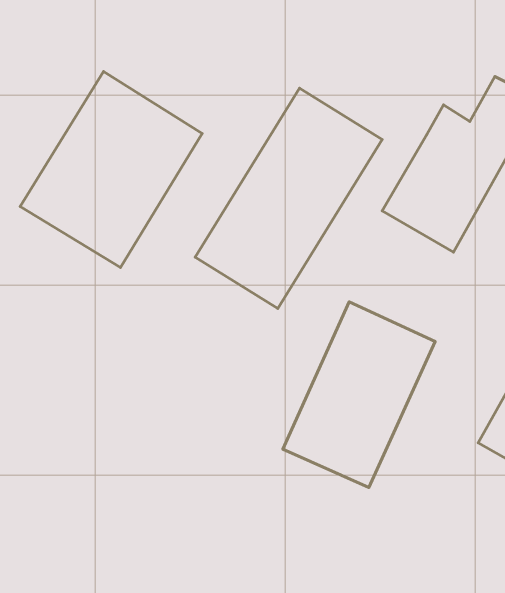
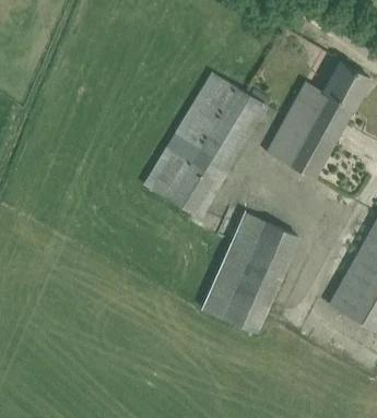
building: [20,72,202,267] -> none

